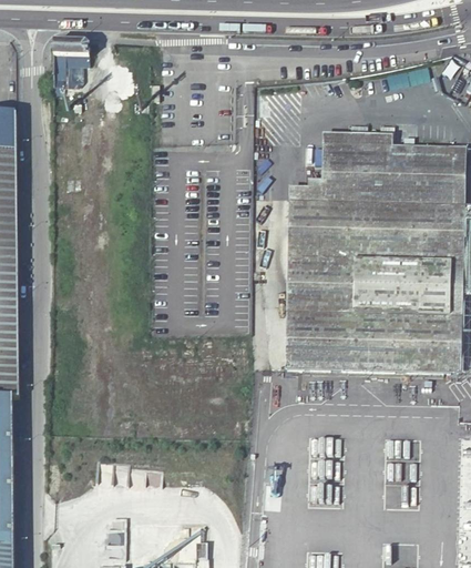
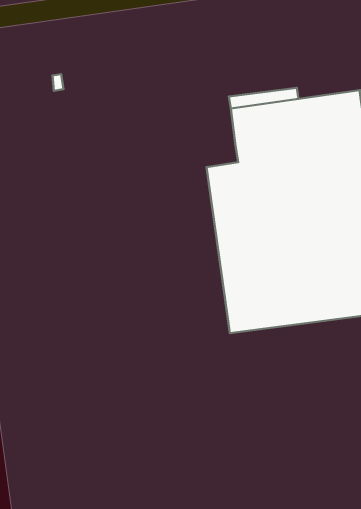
building: [290,179,322,199] -> none

